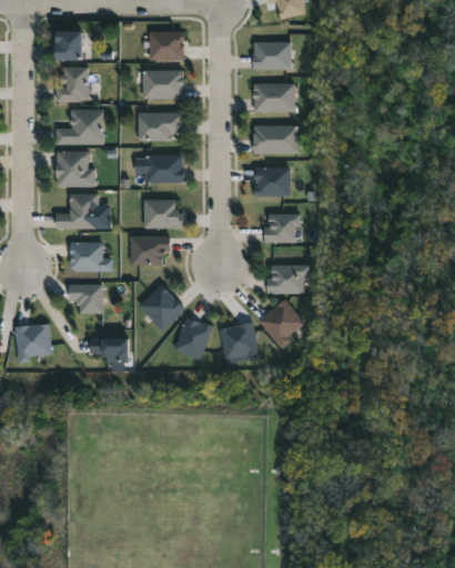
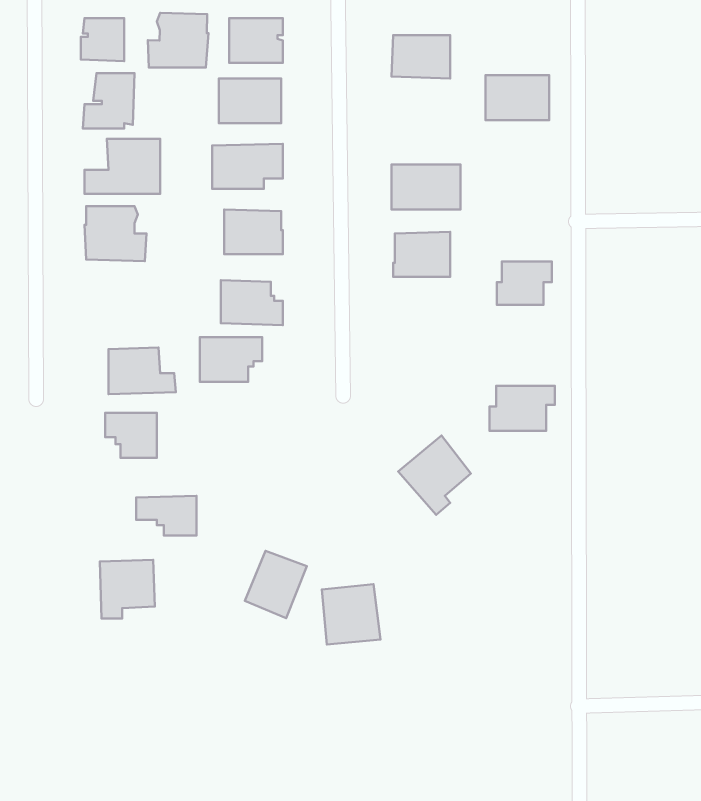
building: none -> [148,13,208,68]
building: [253,83,294,112] -> [486,75,549,120]
building: [55,194,99,230] -> none
building: [264,214,300,242] -> [497,262,552,305]
building: [266,265,309,294] -> [489,386,555,431]
building: [139,285,185,332] -> none
building: [173,318,213,362] -> [245,551,307,618]
building: [221,325,259,364] -> [322,584,380,645]
building: [16,326,51,364] -> [100,560,155,618]

